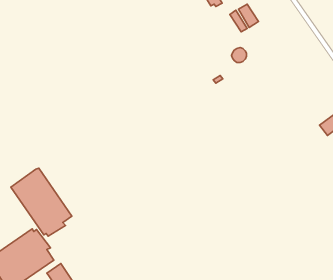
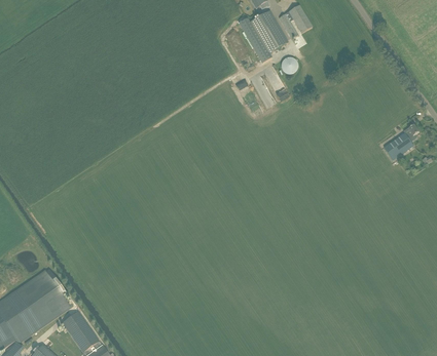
building: none -> [236,10,288,63]
building: [11,168,72,236] -> none

